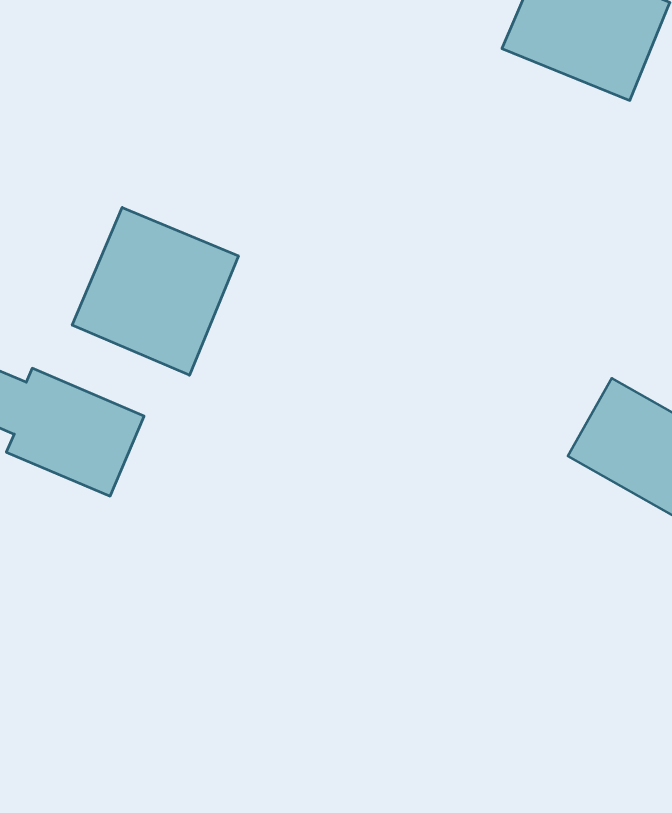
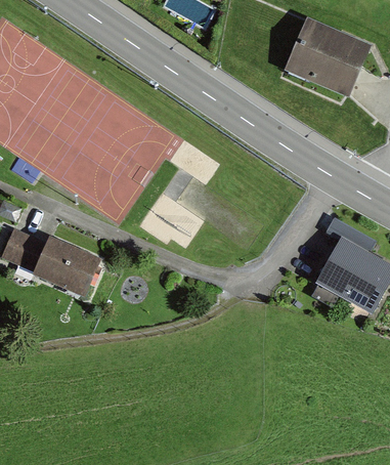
building: [72,207,238,375] -> none

